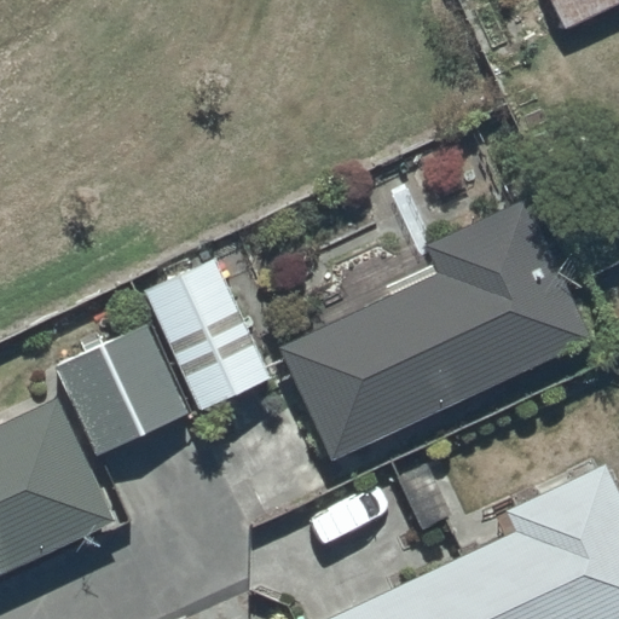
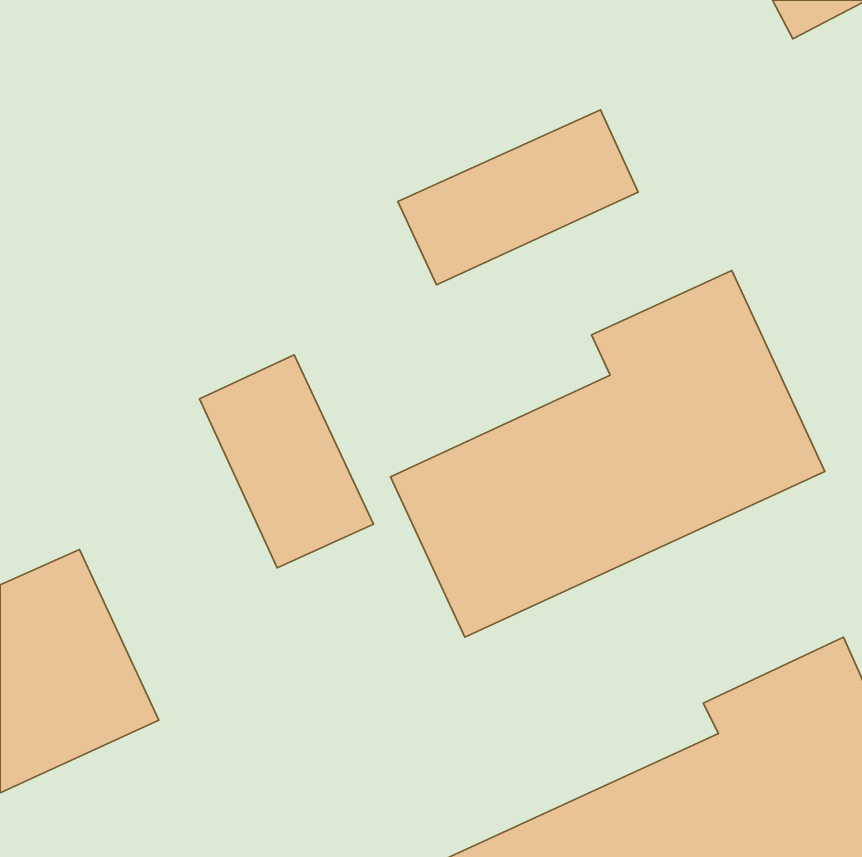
building: none -> [398,110,638,285]
building: [56,328,185,455] -> none

